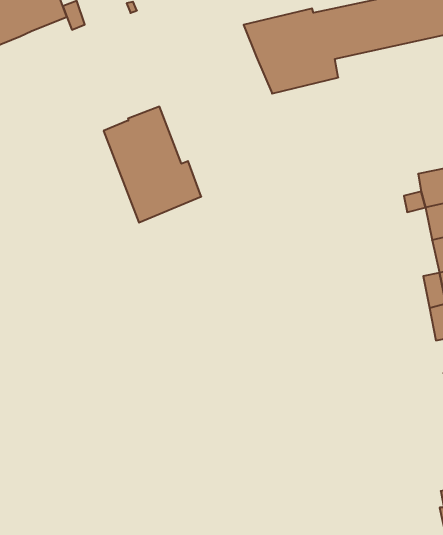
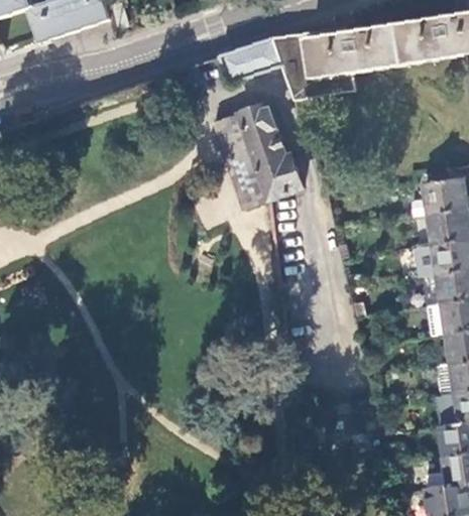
building: none -> [221,36,283,84]
building: [104,107,201,223] -> [218,103,304,208]

